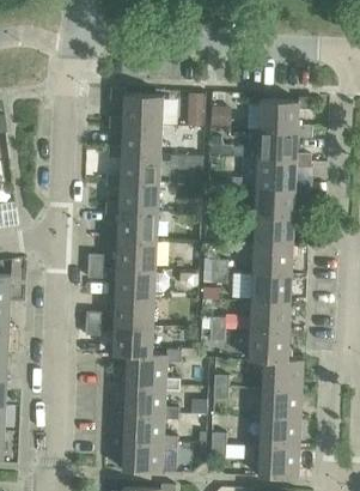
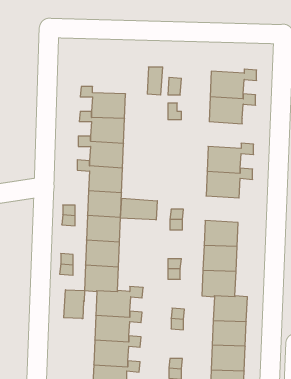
building: [109,89,161,126] -> none
building: [256,154,310,189] -> none
building: [252,244,292,275] -> none
building: none -> [120,198,157,220]
building: none -> [64,290,84,319]

